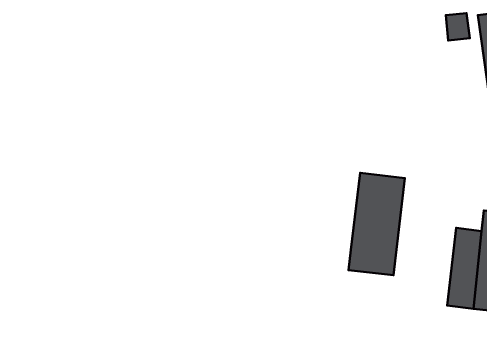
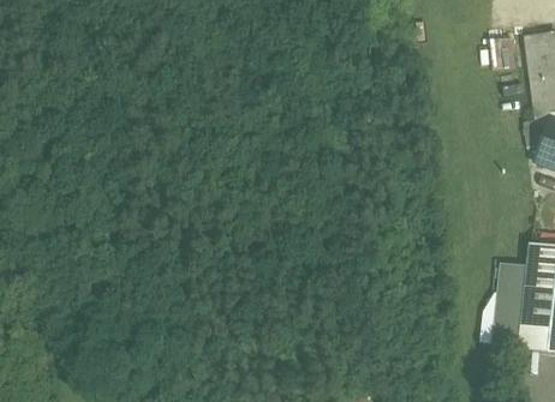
building: [349,173,405,275] -> none

